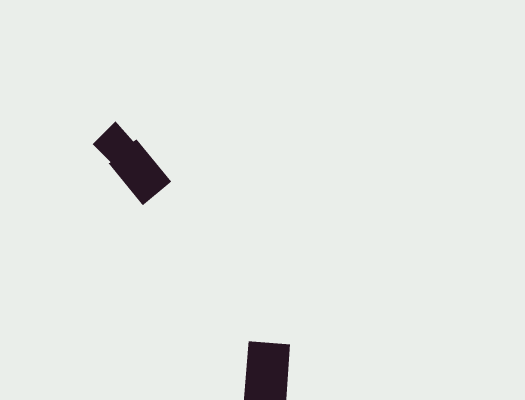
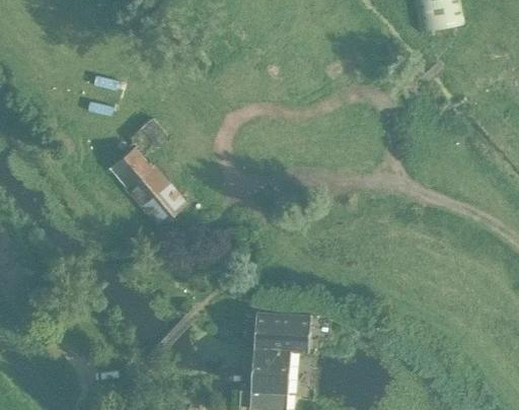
building: none -> [251,311,308,350]

